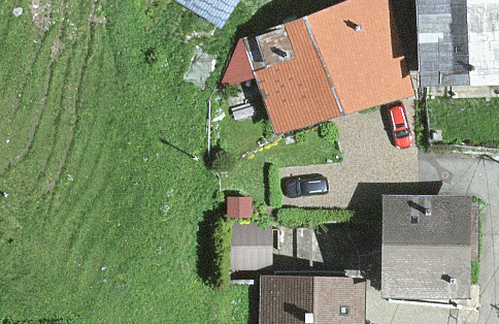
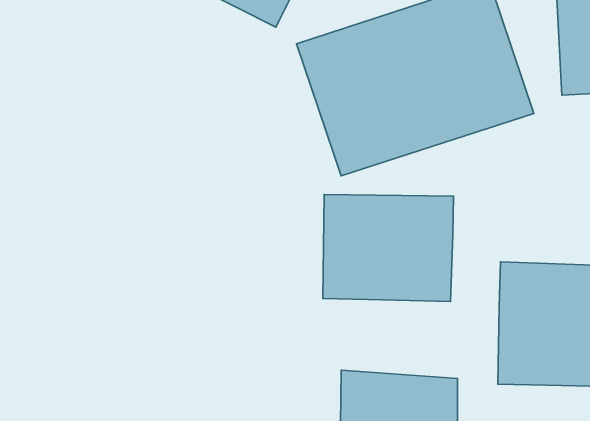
building: none -> [323,194,454,302]

